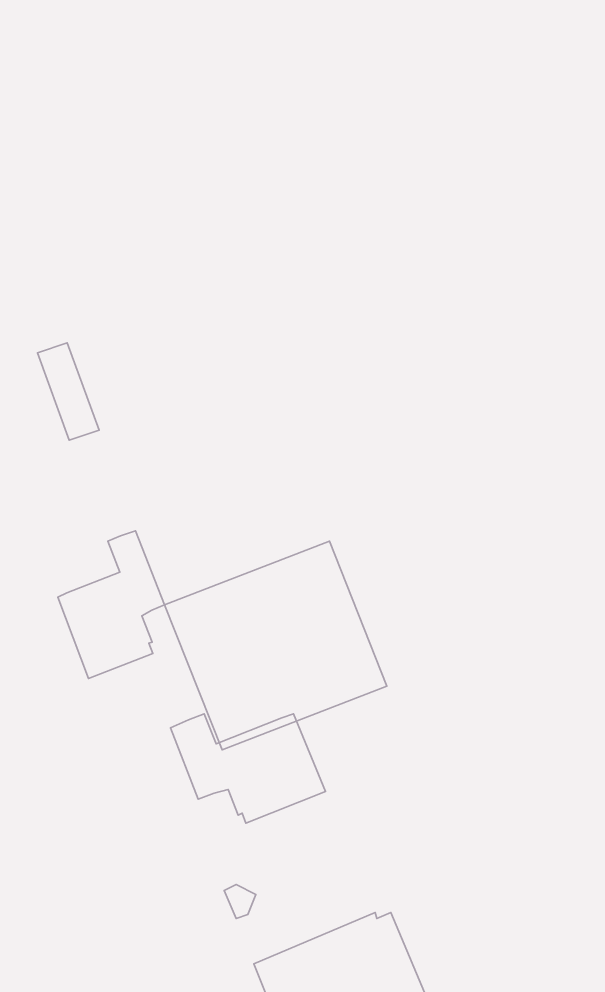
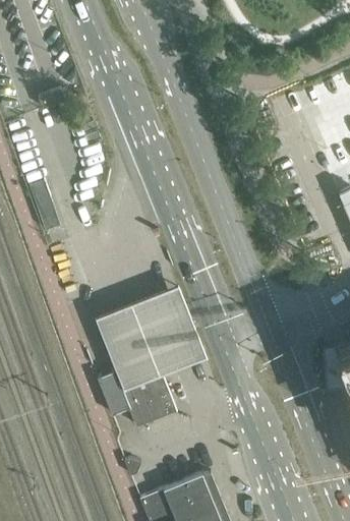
building: [58,531,165,678] -> none

